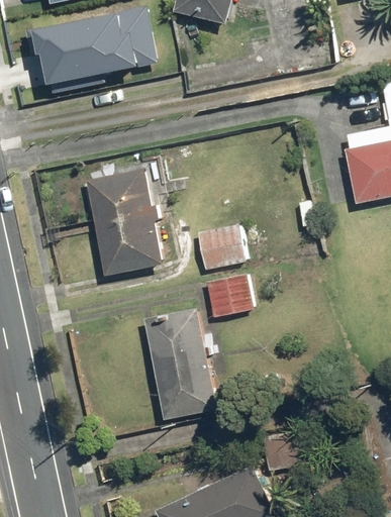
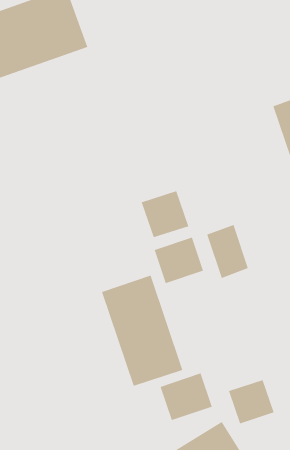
building: [85,169,163,276] -> none
building: none -> [207,224,249,279]
building: none -> [160,373,212,421]

